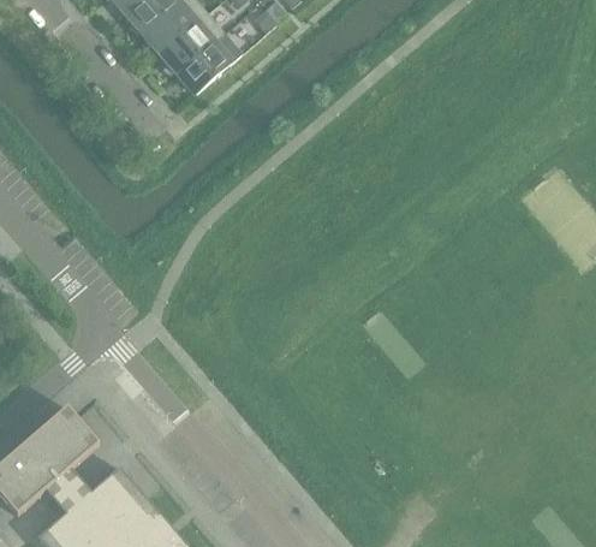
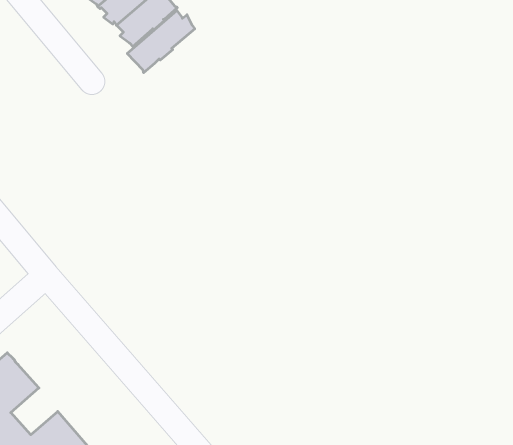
building: none -> [127,11,195,73]

